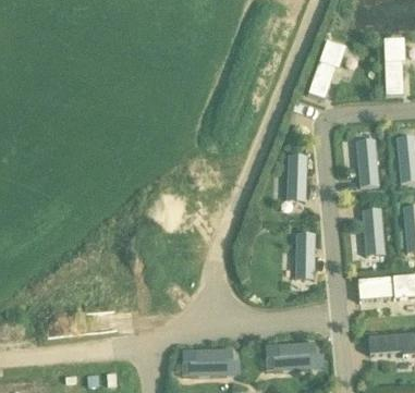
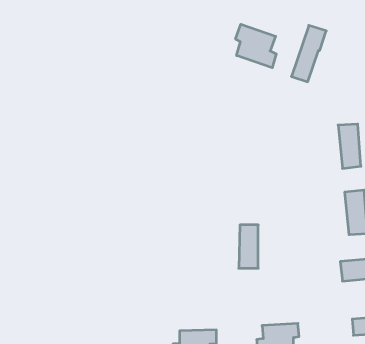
building: none -> [236,24,276,68]
building: [286,155,307,198] -> none
building: [295,233,315,277] -> [239,225,258,268]

